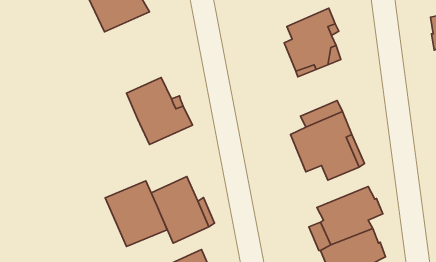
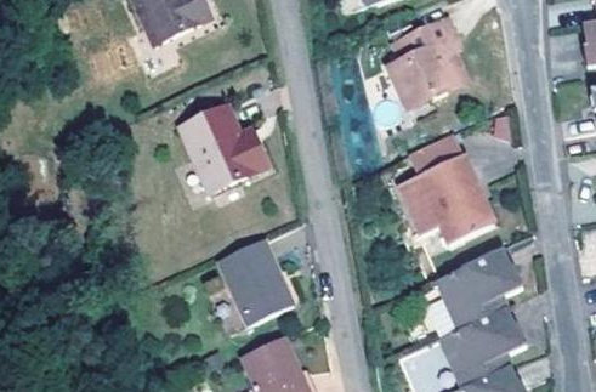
building: [105,181,167,247] -> none

